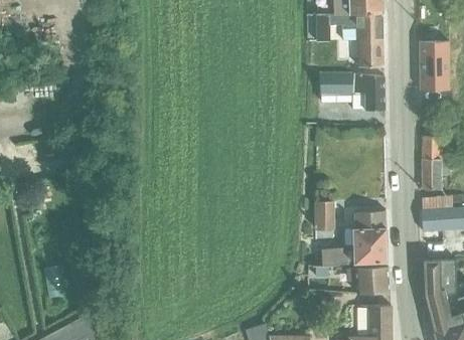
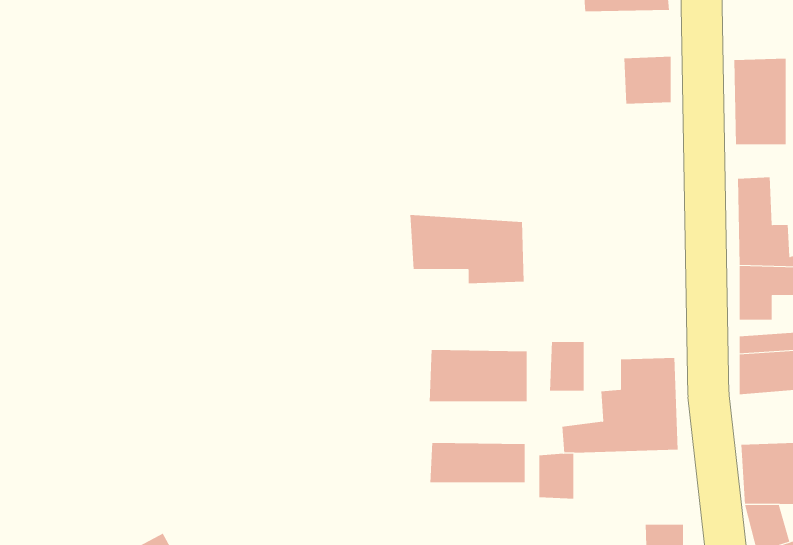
building: [316,13,383,41] -> none
building: [319,71,384,111] -> [409,215,525,284]
building: none -> [429,349,527,402]
building: none -> [430,442,525,483]
building: [345,267,390,293] -> none

